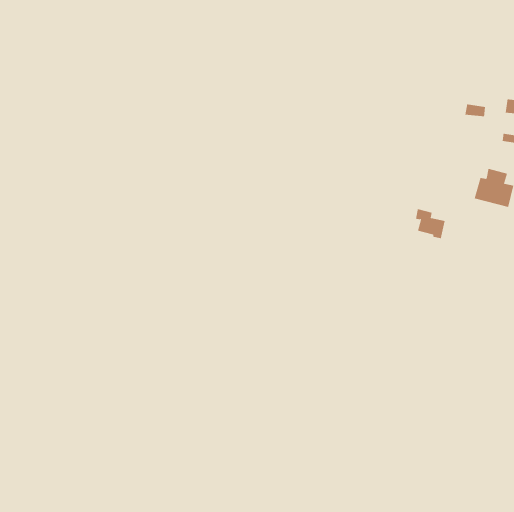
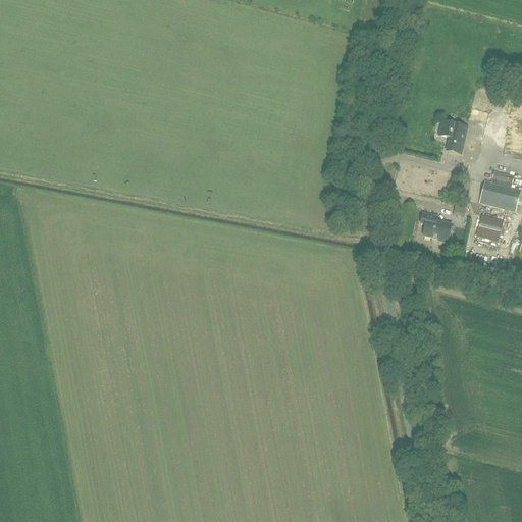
building: none -> [439,119,466,152]
building: none -> [478,213,504,240]

